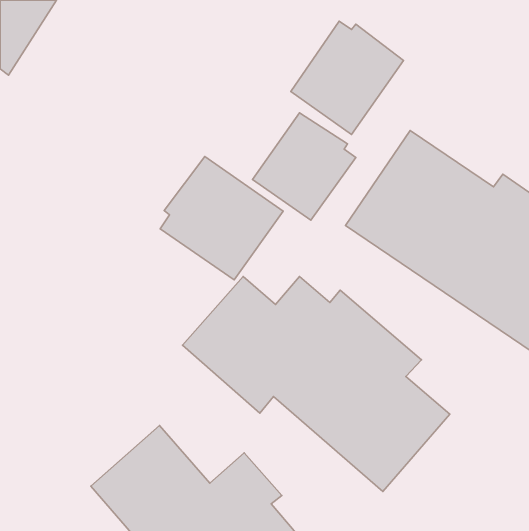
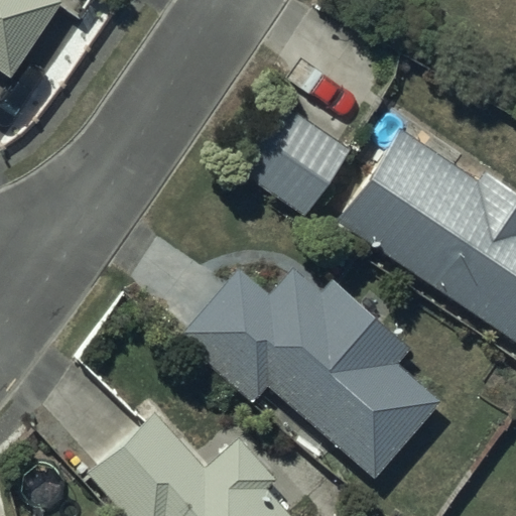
building: [291,21,403,134] -> none
building: [160,156,283,280] -> none

